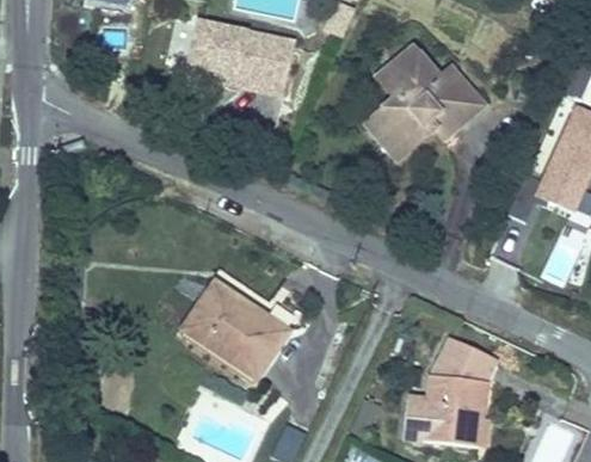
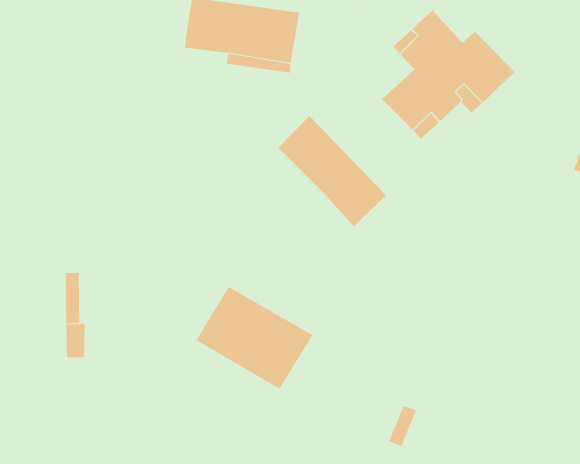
building: none -> [278,115,387,227]
building: [404,334,498,444] -> none

